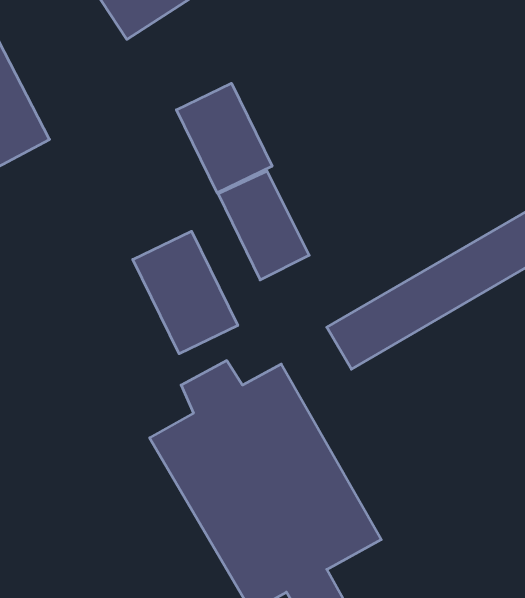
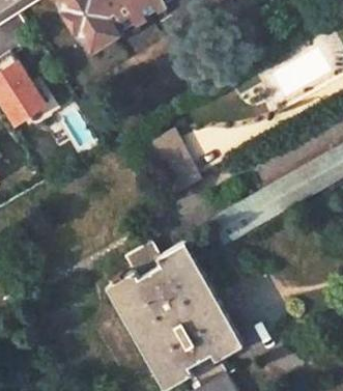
building: [176,83,272,193] -> none
building: [133,231,238,354] -> none

